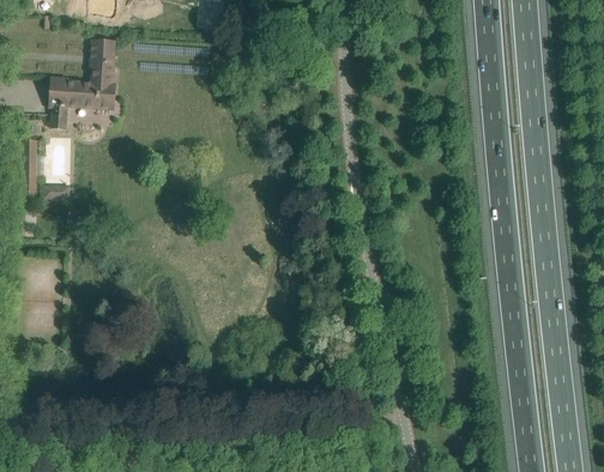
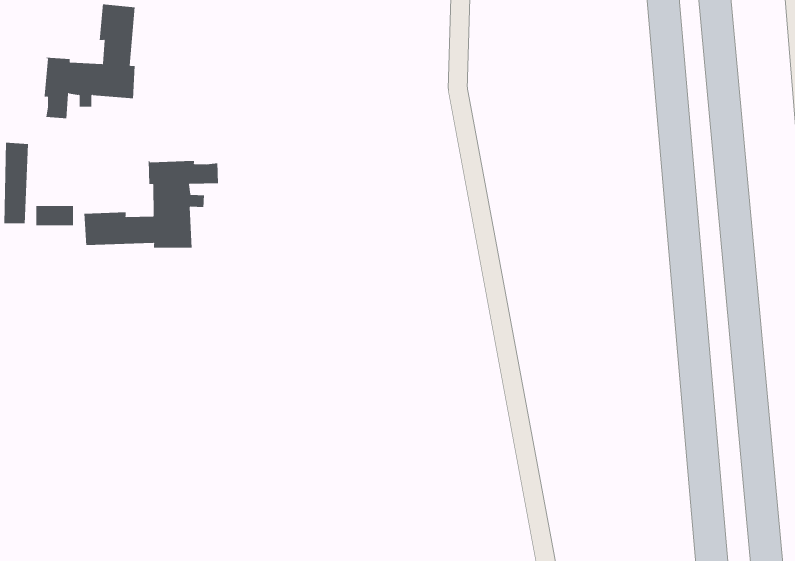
building: none -> [84,160,219,248]

